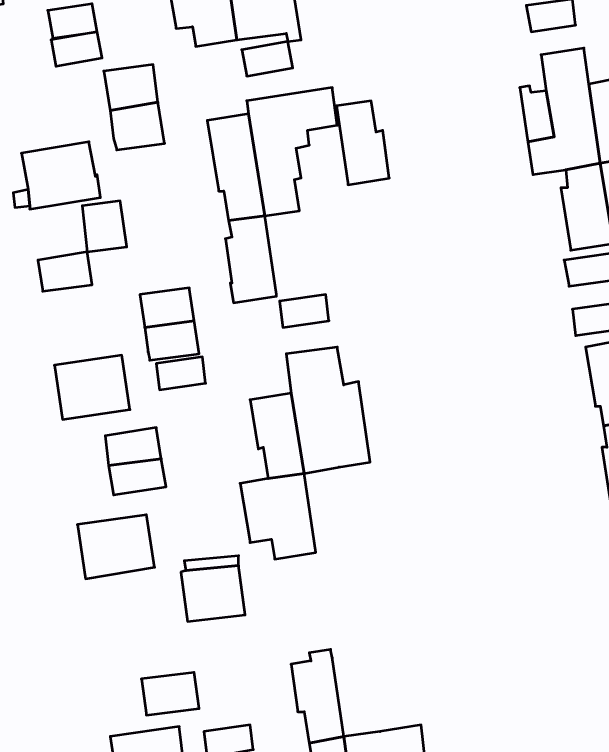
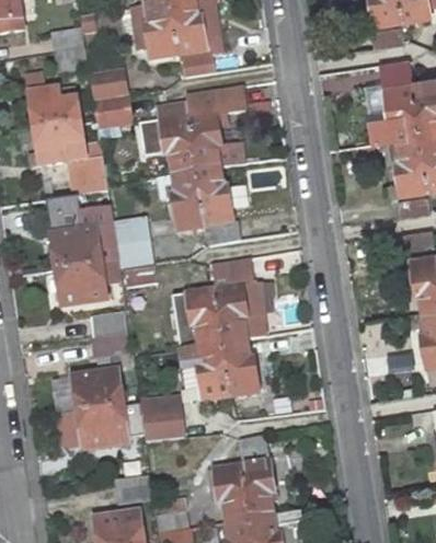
building: none -> [30,89,80,129]
building: [337,101,389,185] -> [197,167,232,223]
building: none -> [51,228,102,270]
building: none -> [223,338,259,395]
building: none -> [62,405,129,448]
building: none -> [238,435,276,518]

